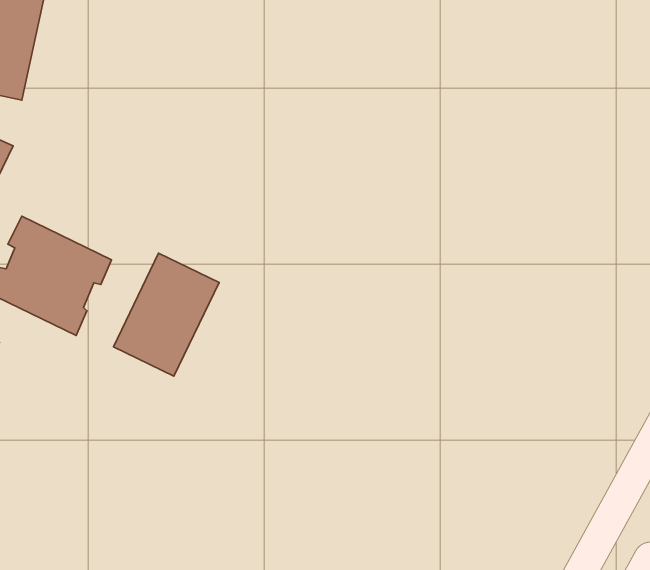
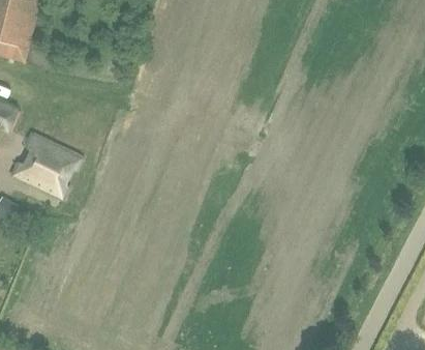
building: [113,253,219,376] -> none

